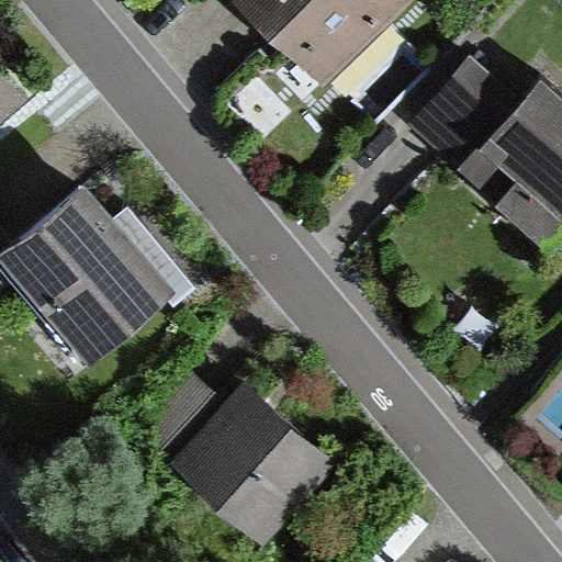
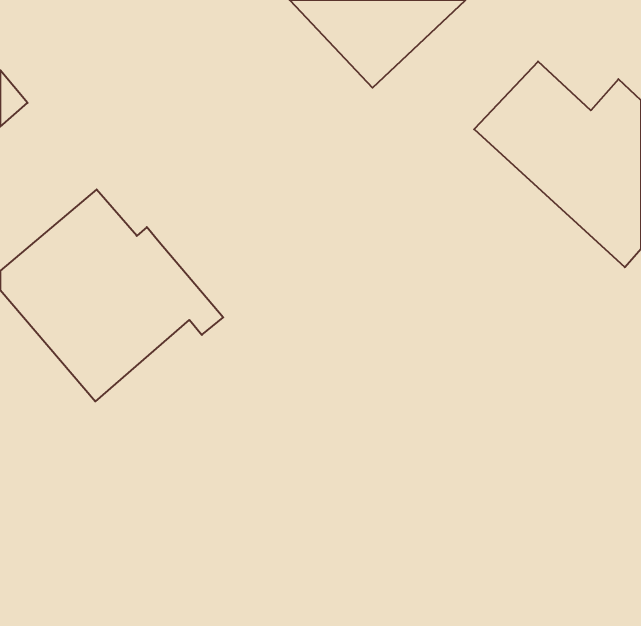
building: [139,372,334,541] -> none

